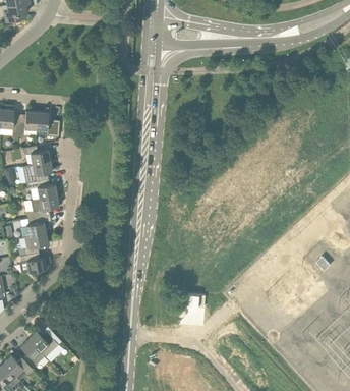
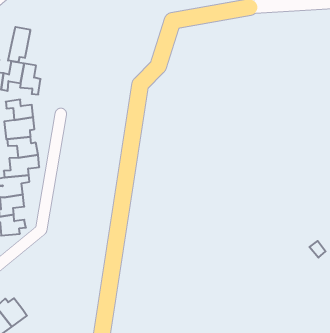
building: none -> [8,27,30,62]

